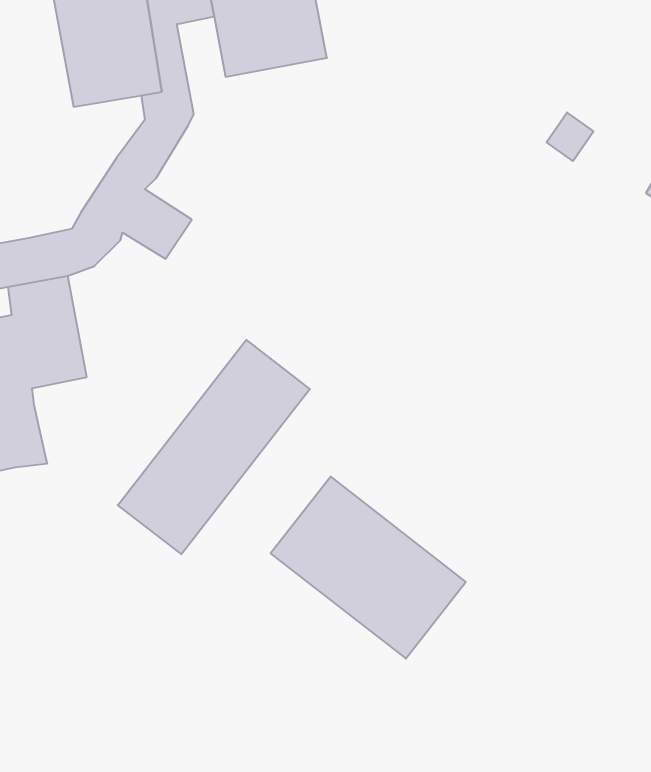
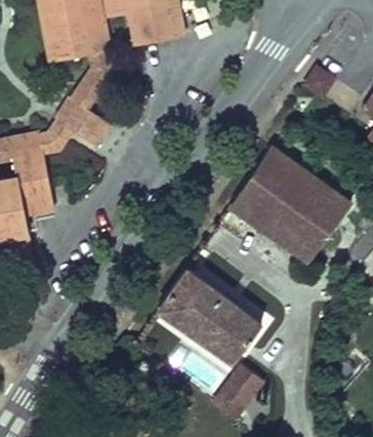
building: none -> [229,147,353,266]
building: [118,340,310,554] -> none
building: none -> [210,363,264,423]

